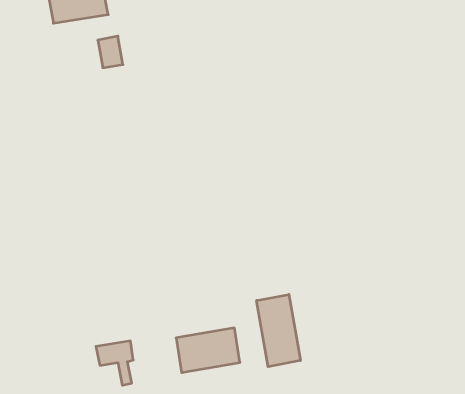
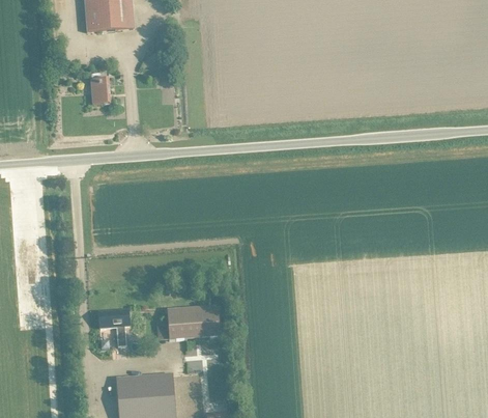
building: [98,36,123,68] -> [89,77,109,103]
building: [257,294,300,367] -> none

